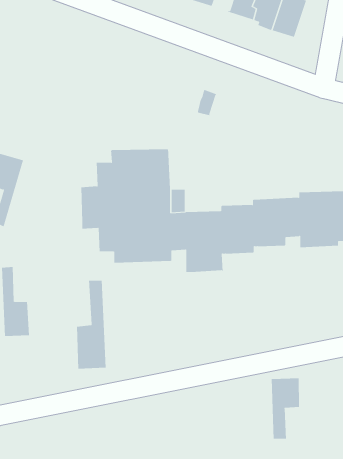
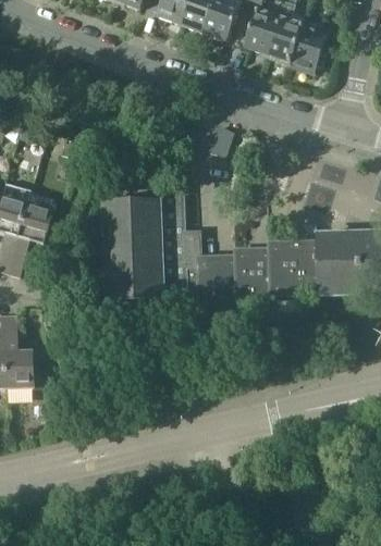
building: none -> [5,191,54,275]
building: [76,280,106,370] -> none
building: [271,377,300,439] -> none

